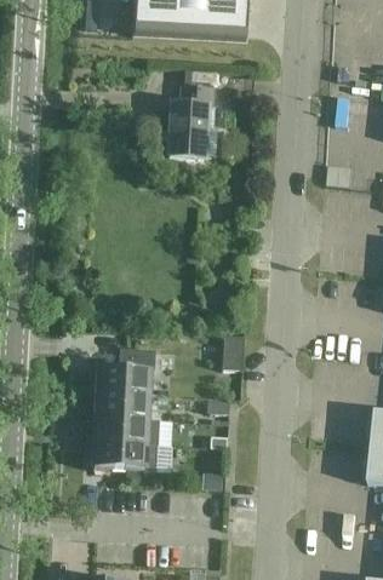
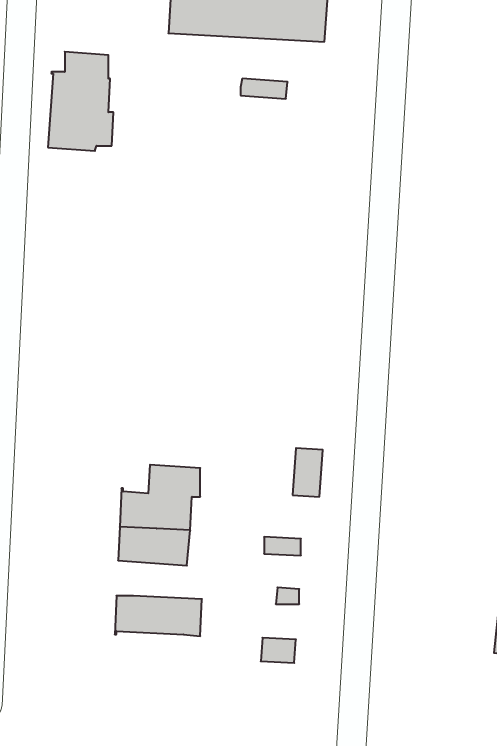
building: [164,87,211,159] -> [48,52,113,151]
building: [90,417,167,446] -> none

